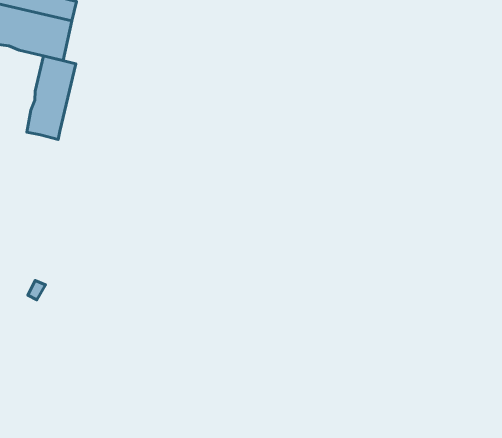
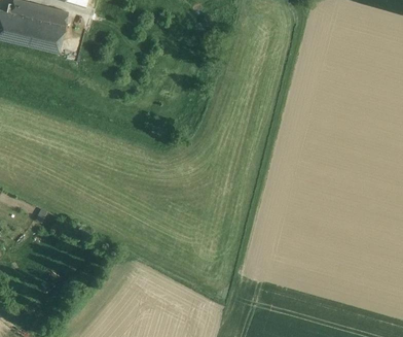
building: [27,56,76,139] -> none

